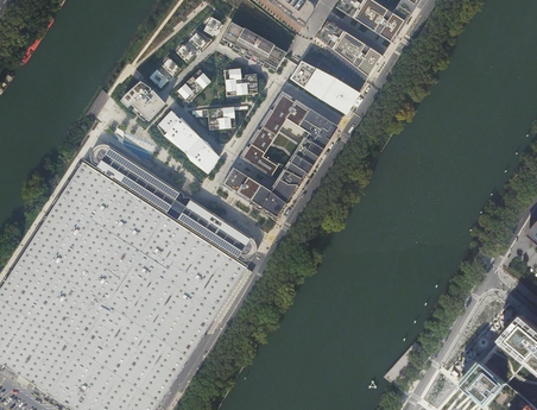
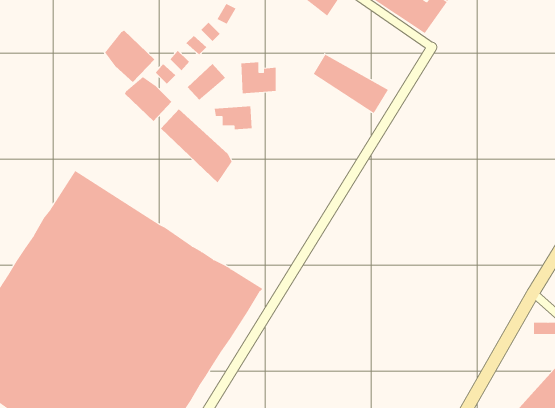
building: [220,20,286,71] -> none
building: [317,20,381,77] -> none
building: none -> [105,30,155,83]
building: [221,90,336,219] -> none
building: [88,144,255,261] -> none

